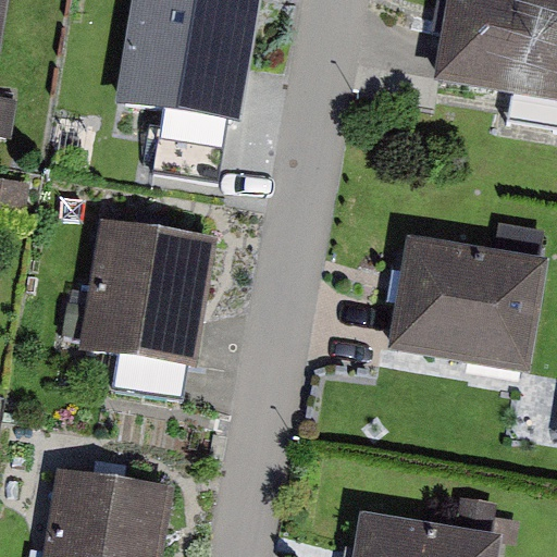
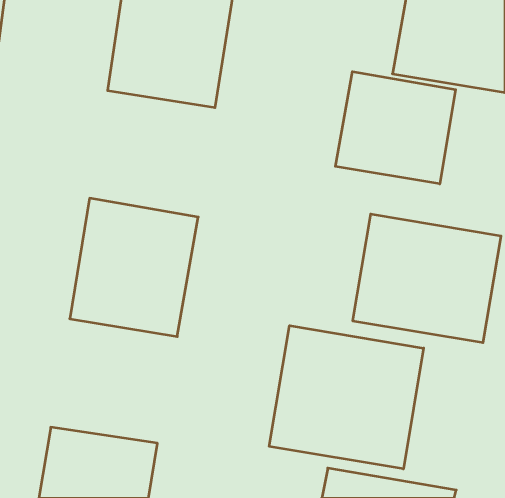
building: none -> [335,72,456,184]
building: none -> [269,326,424,469]

